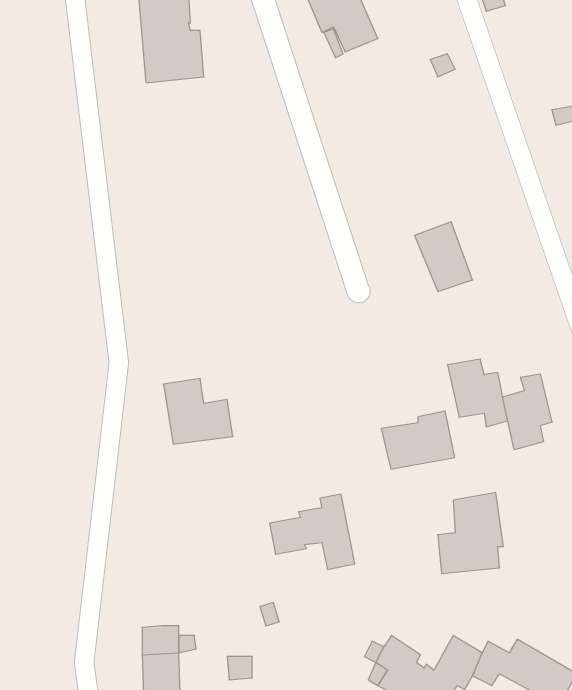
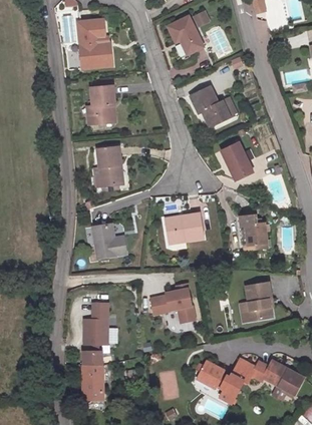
building: none -> [87,83,115,124]
building: none -> [192,86,233,124]
building: none -> [94,145,123,184]
building: [503,374,552,450] -> none
building: [381,411,455,469] -> [167,211,205,242]
building: none -> [82,304,106,345]

